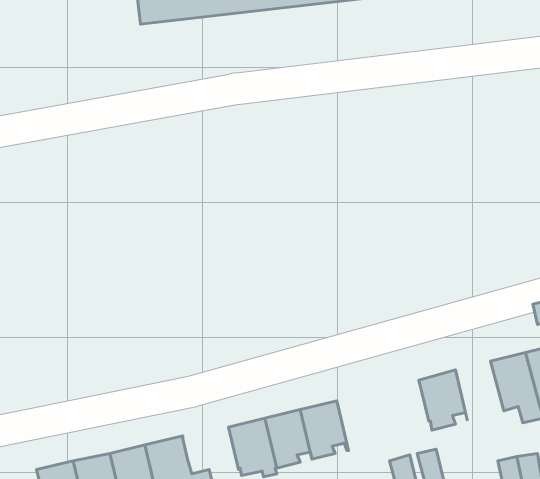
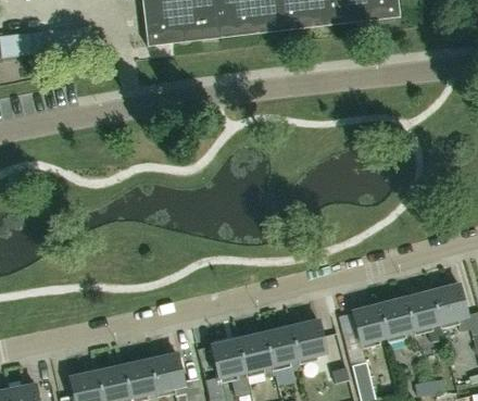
building: none -> [380,297,416,342]
building: none -> [292,319,330,365]

